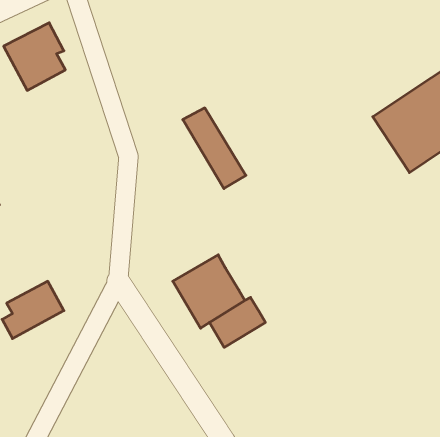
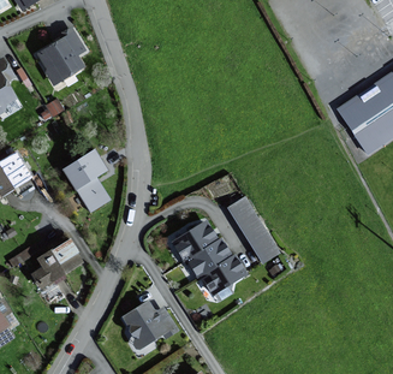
building: [183,108,246,189] -> [227,197,279,263]
building: none -> [62,149,111,213]
building: none -> [120,299,179,352]

